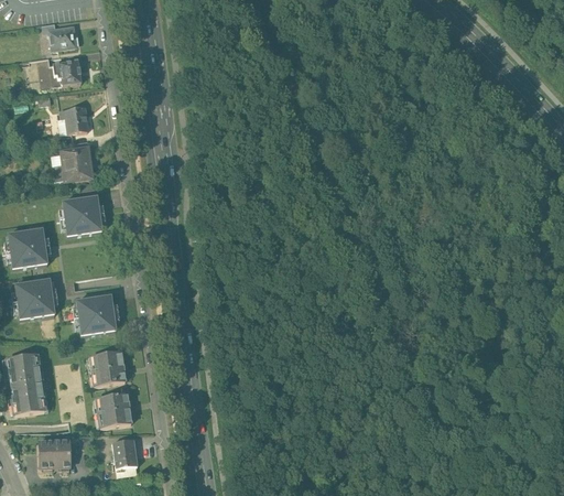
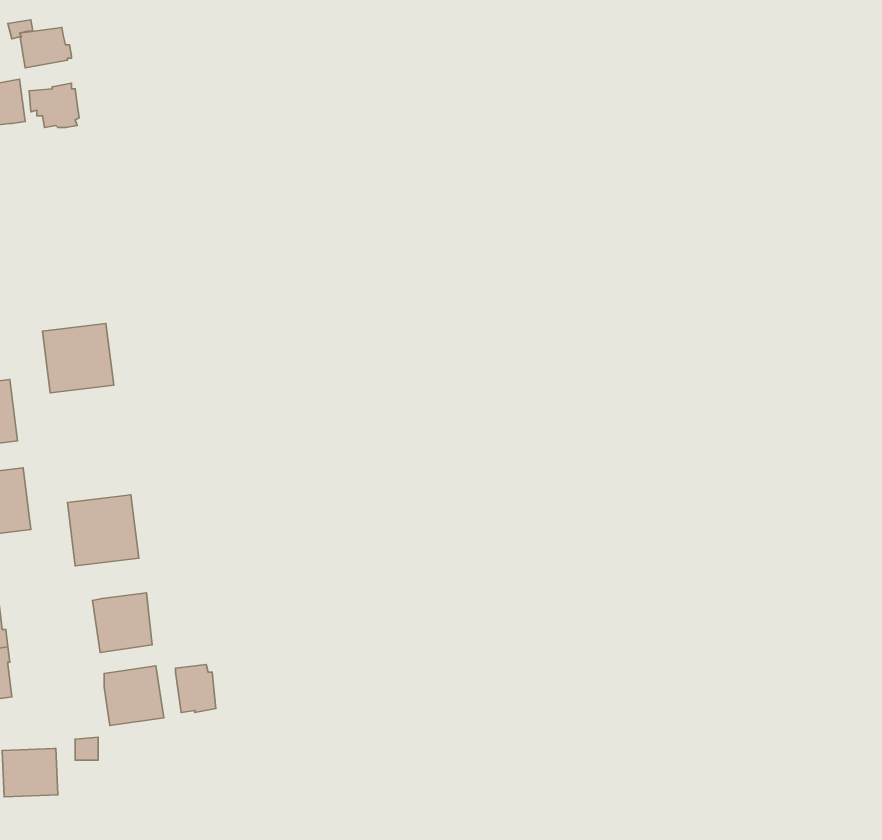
building: [61,107,87,132] -> none
building: [52,145,95,182] -> none
building: [113,440,137,467] -> [175,664,216,713]

